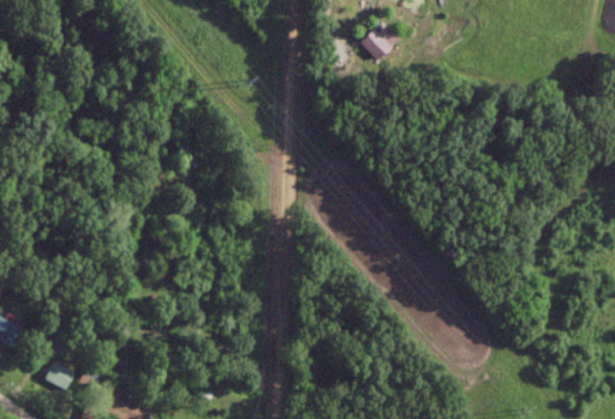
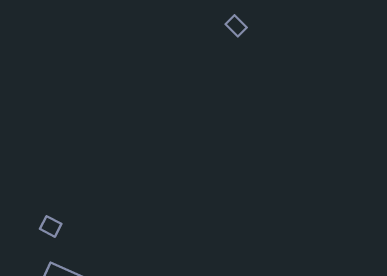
building: [44,361,76,391] -> [40,216,62,237]

